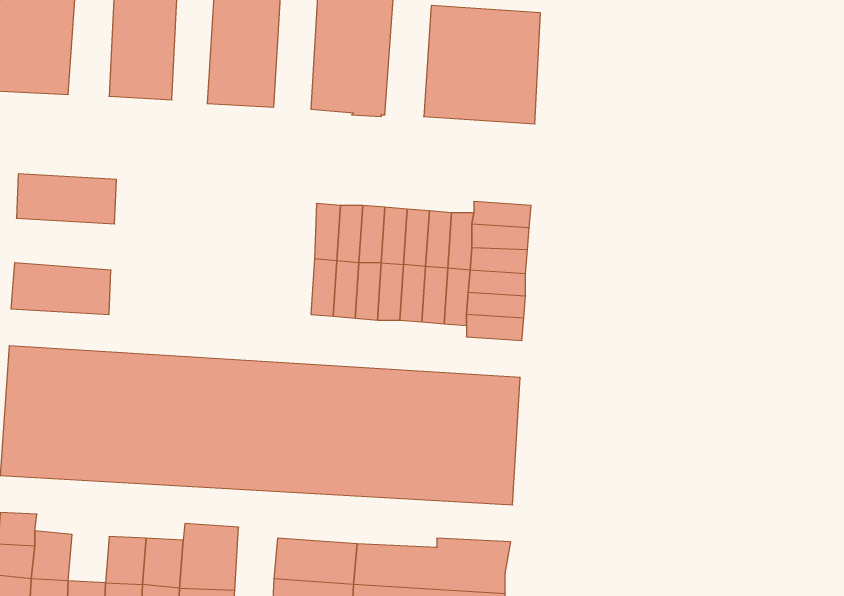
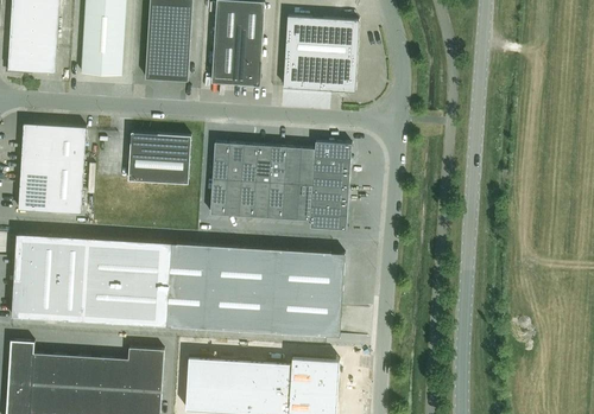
building: none -> [127,132,189,183]
building: none -> [20,152,84,185]
building: none -> [55,355,81,386]

